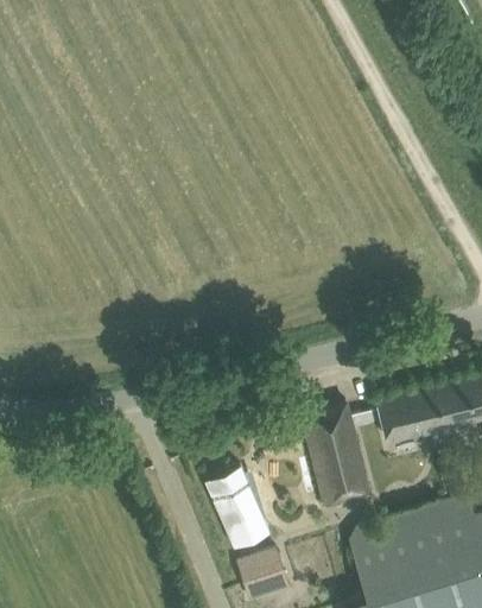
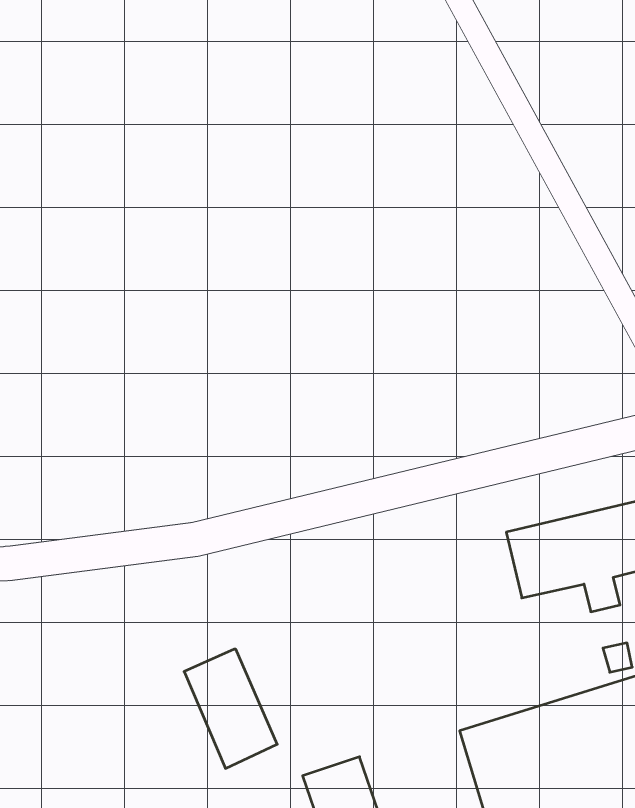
building: [302,407,366,511] -> none
building: [207,470,271,552] -> [184,649,277,768]

